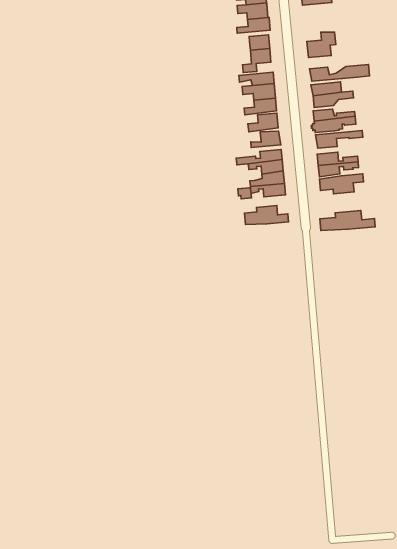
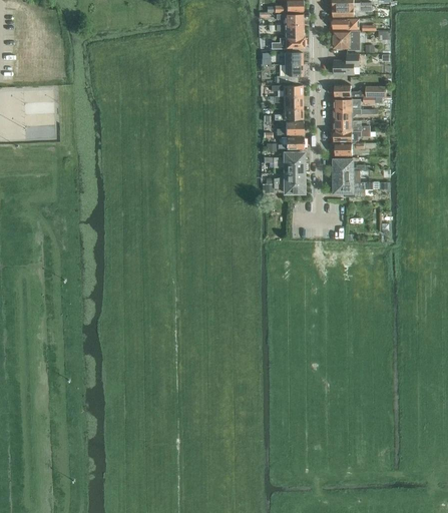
building: none -> [334,32,359,49]
building: [245,206,288,225] -> none
building: [320,210,375,231] -> none

